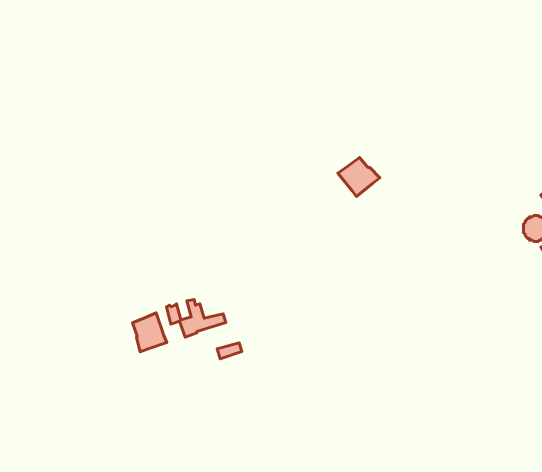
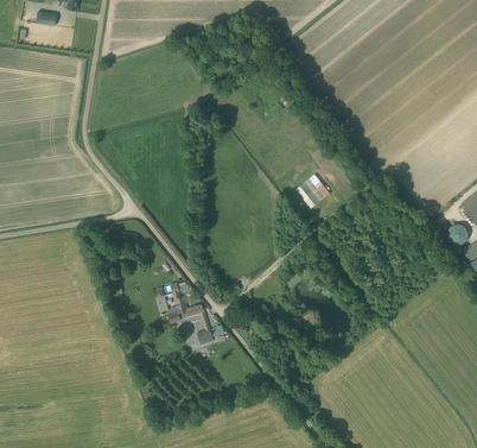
building: [133,313,167,352] -> none

